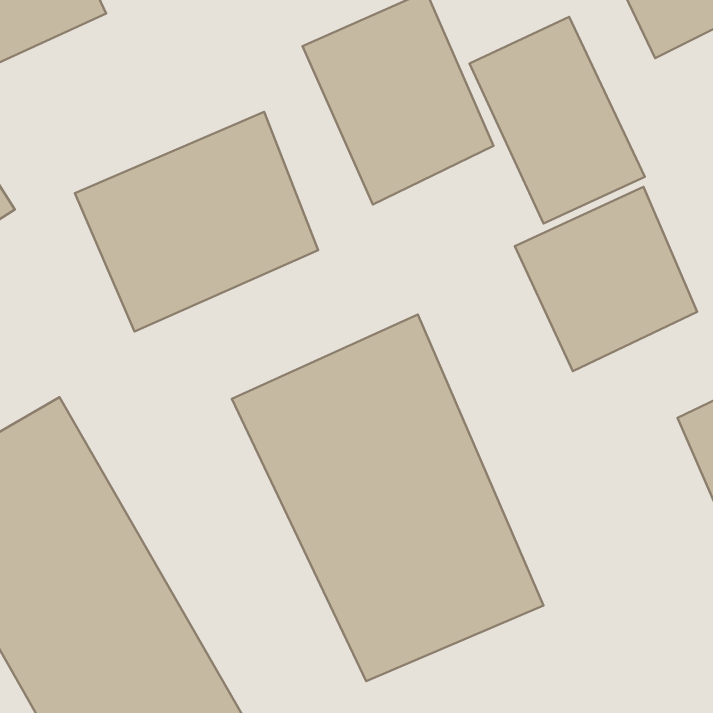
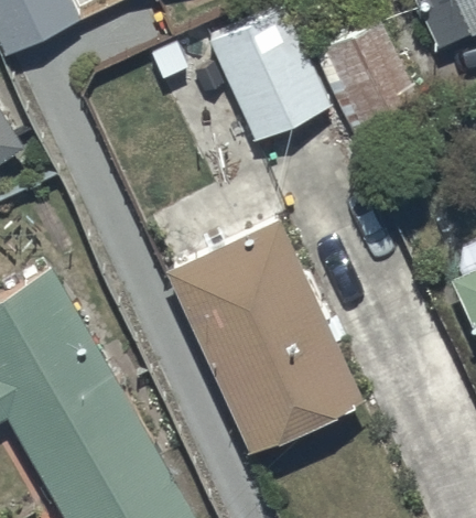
building: [75,112,318,331] -> none
building: [515,187,697,371] -> none

